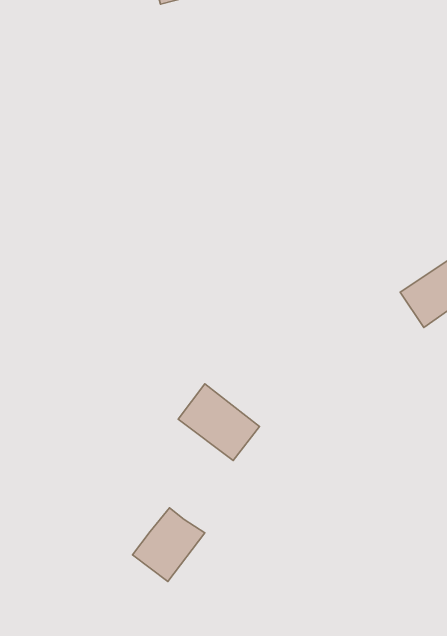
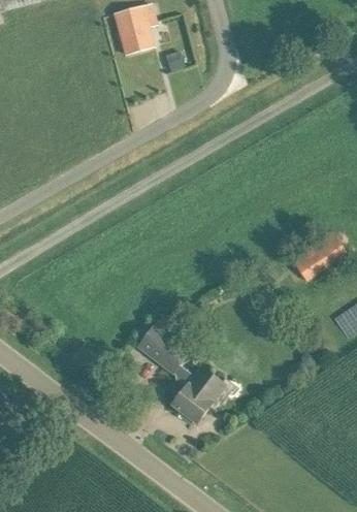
building: [132,508,205,582] -> [172,370,223,421]

